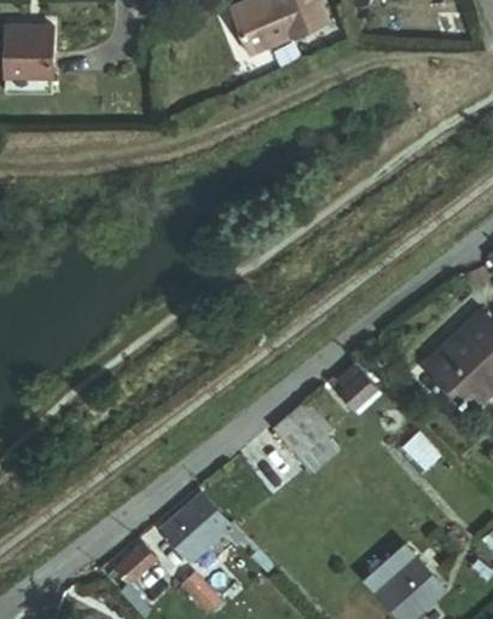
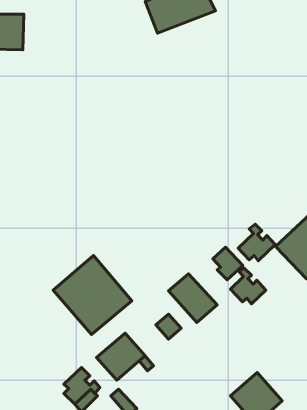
building: none -> [238,224,275,261]
building: none -> [53,256,132,334]
building: none -> [231,268,266,304]

